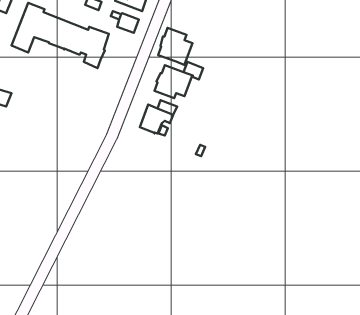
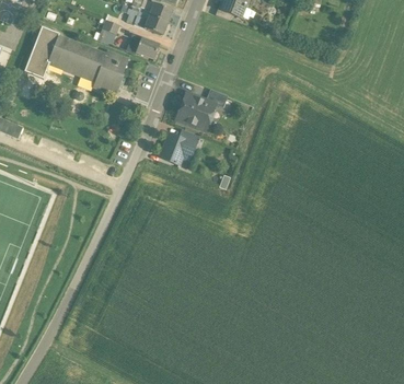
building: [158,28,192,65] -> none

